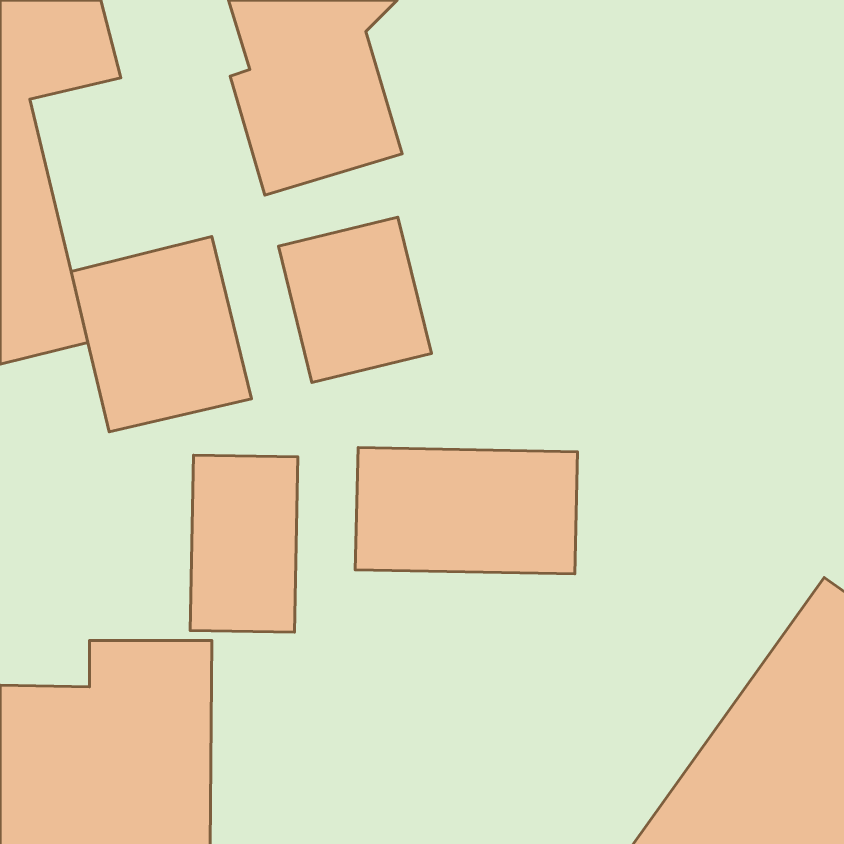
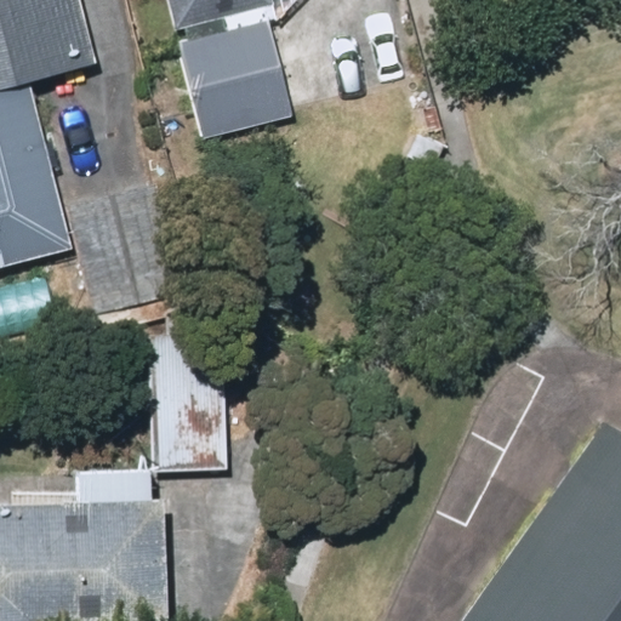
building: [278,217,431,383] -> none
building: [355,448,577,574] -> none

